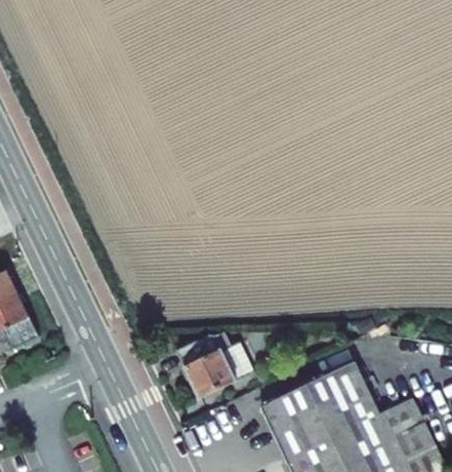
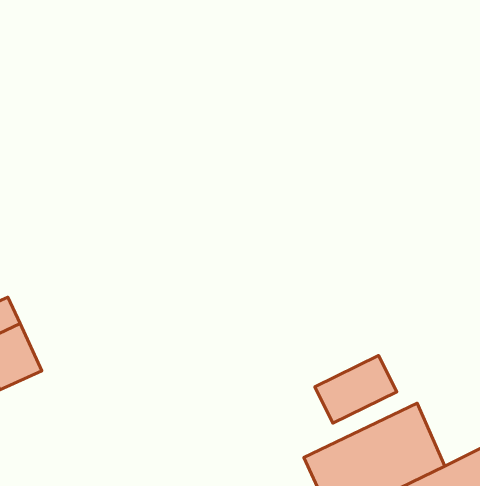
building: [184,340,254,397] -> [315,356,397,423]

